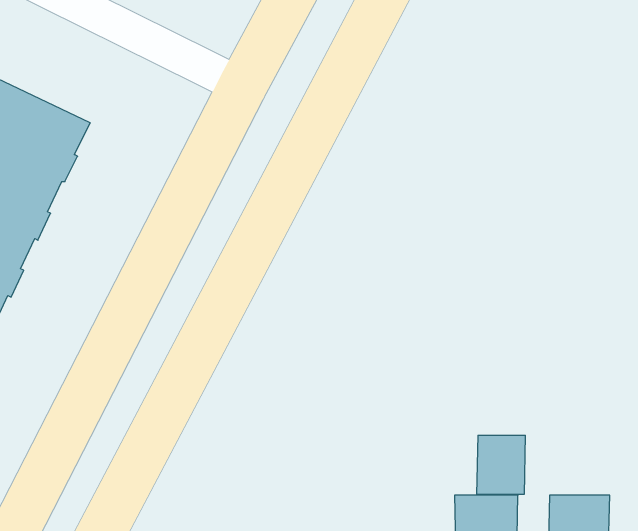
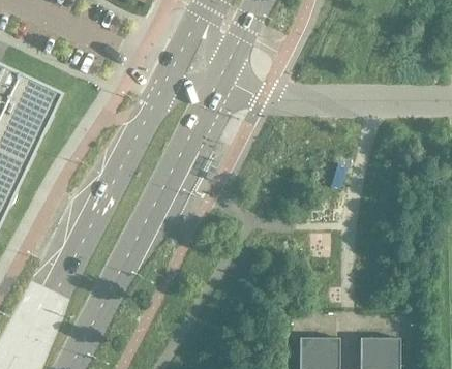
building: [477,435,525,494] -> none

